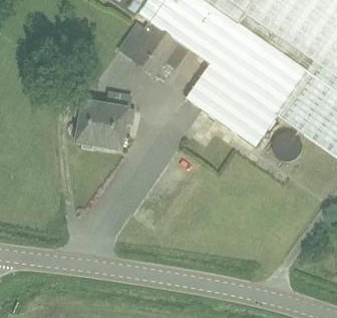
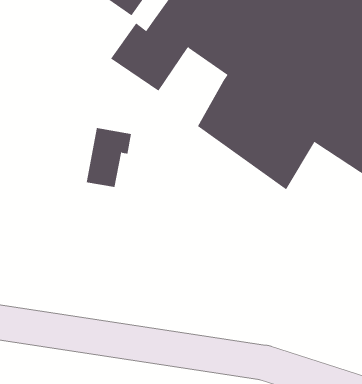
building: [76,97,107,148] -> none

